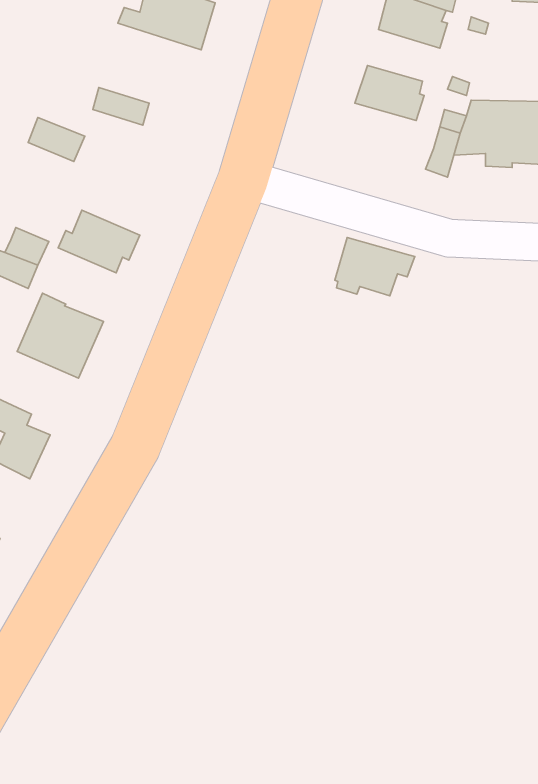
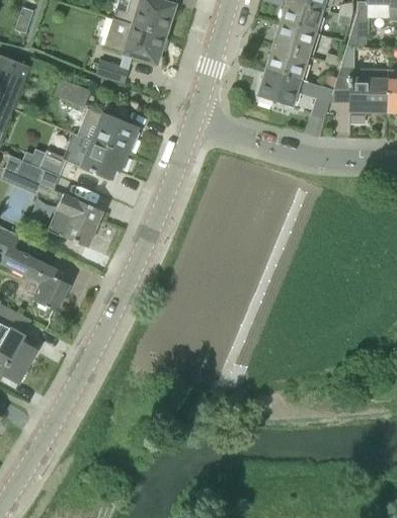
building: none -> [347,13,369,47]
building: none -> [102,18,165,65]
building: none -> [272,22,319,57]
building: none -> [76,109,136,155]
building: [335,238,415,296] -> [256,70,308,107]

